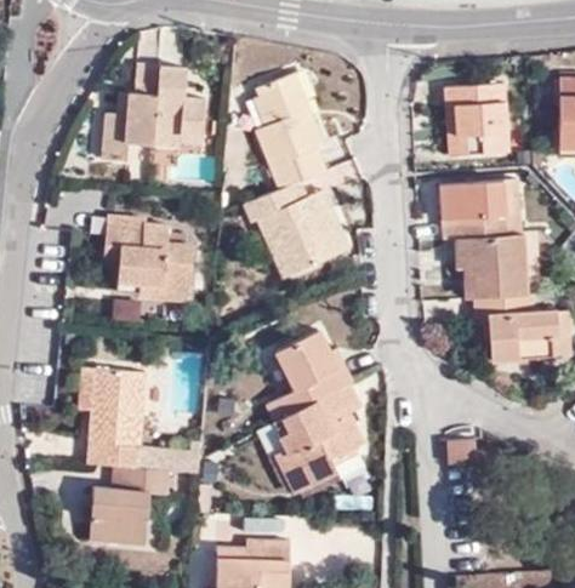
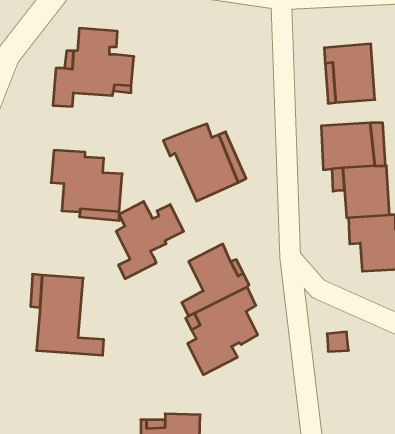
building: [245,73,323,189] -> none
building: none -> [116,201,184,279]
building: [89,466,169,543] -> none

